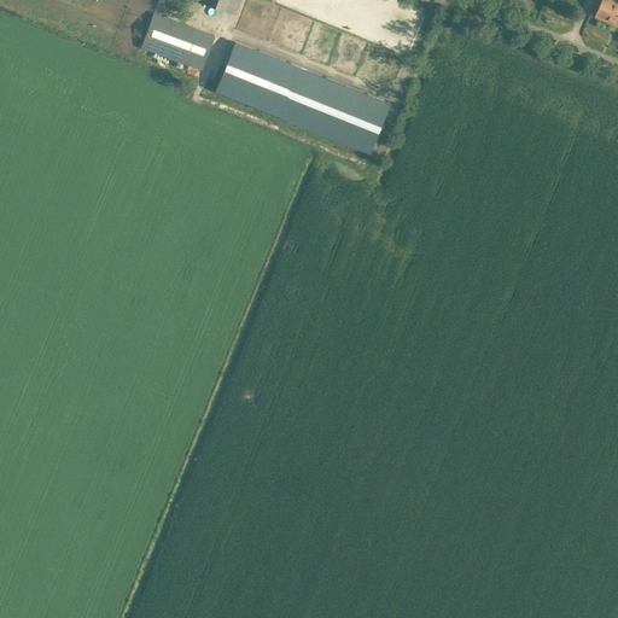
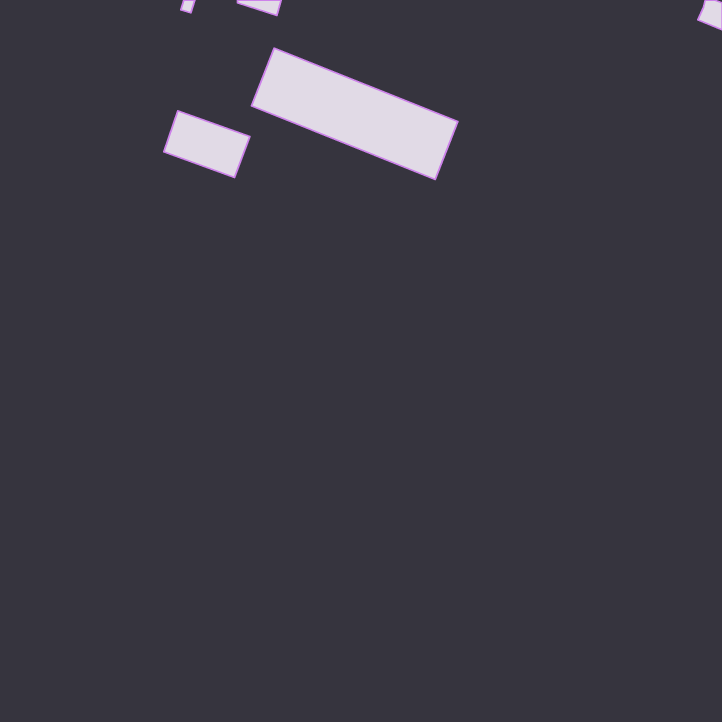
building: [140,13,214,70] -> [164,111,250,177]

